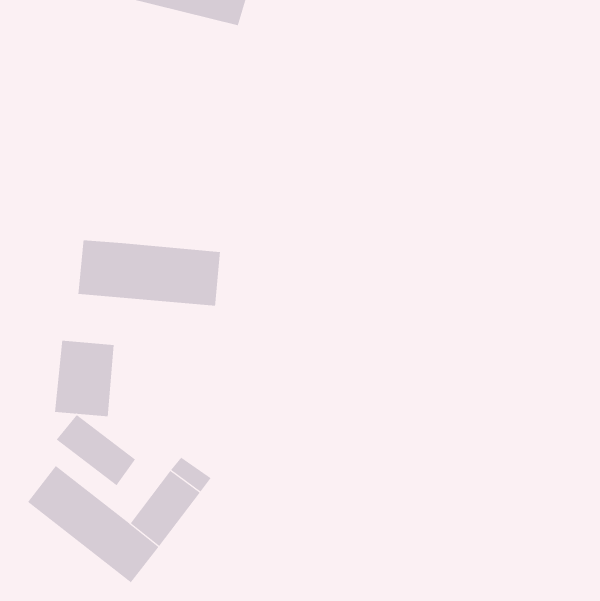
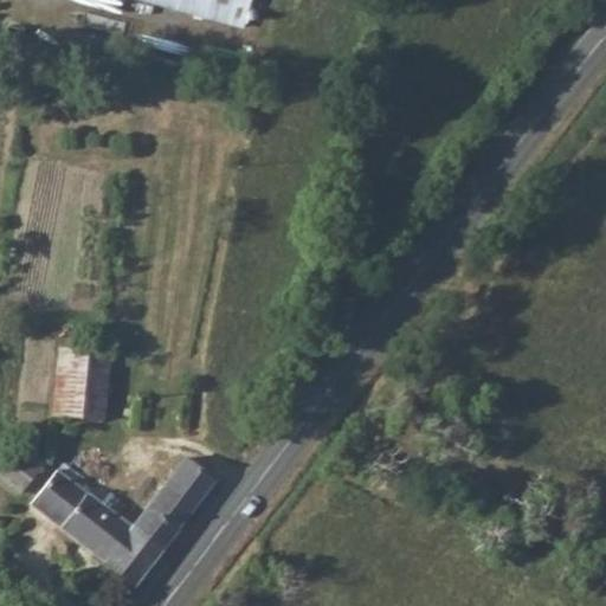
building: [78,239,221,307] -> none
building: [56,414,136,486] -> none

